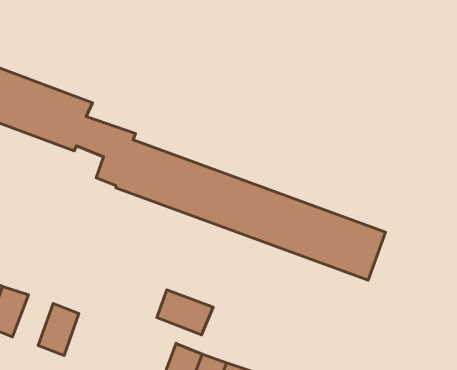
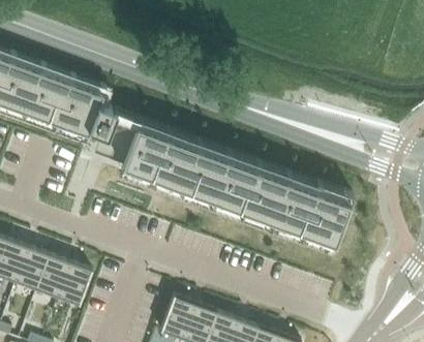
building: [157,290,213,335] -> none
building: none -> [35,255,69,298]

